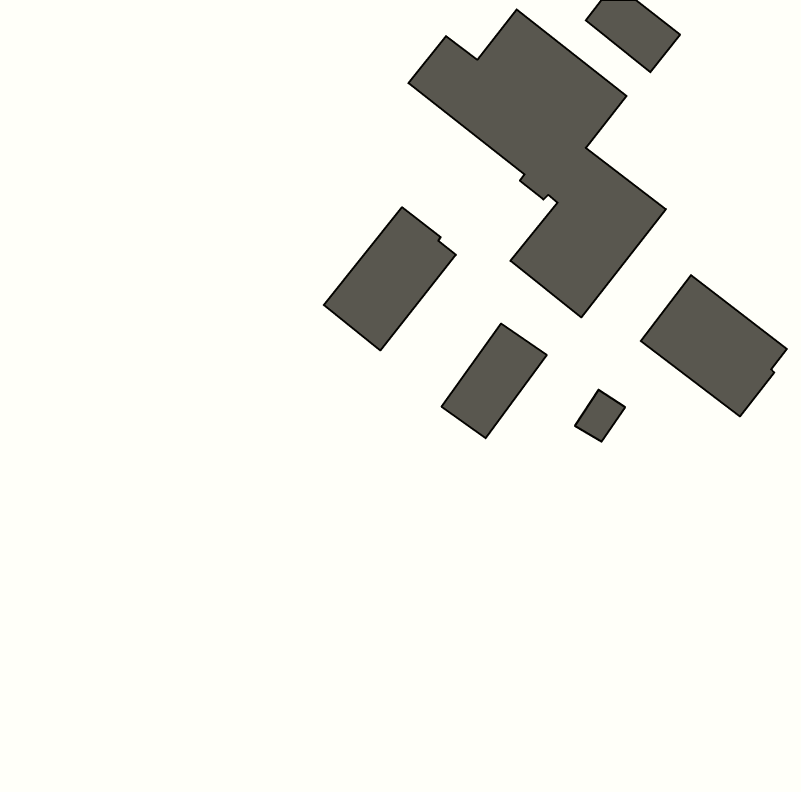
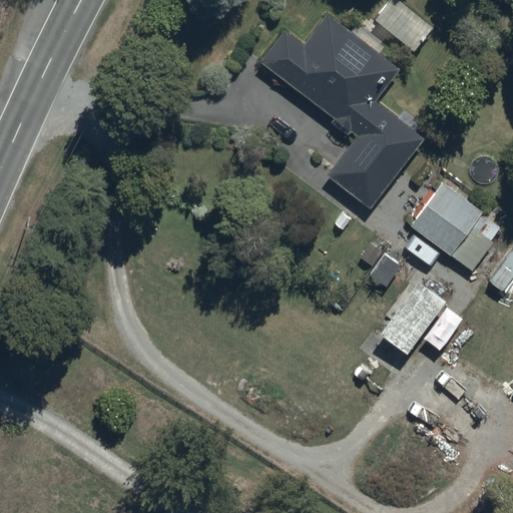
building: [324,207,456,350] -> none
building: [442,324,547,438] -> [380,278,447,351]

